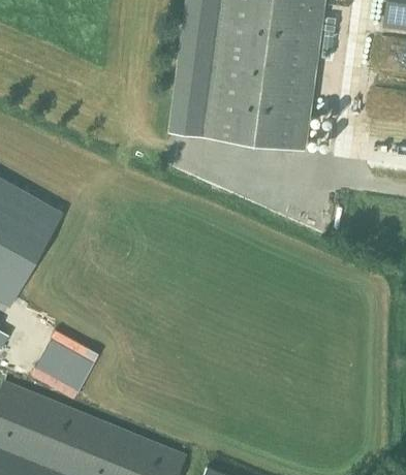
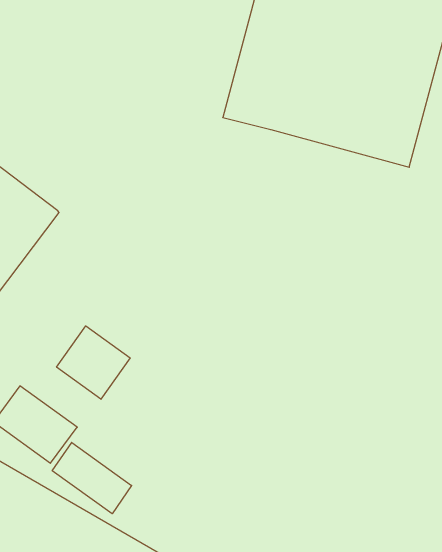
building: none -> [57,326,130,399]
building: none -> [52,442,132,514]

